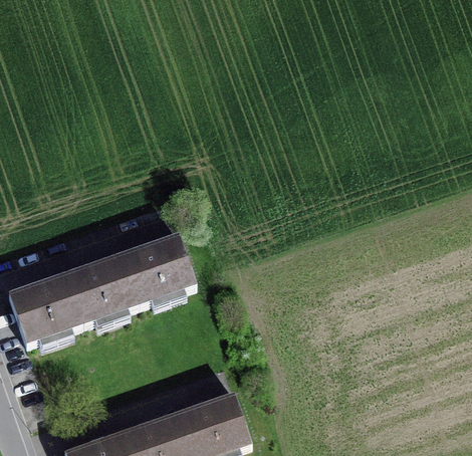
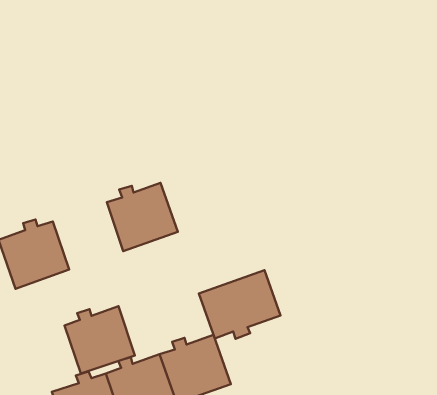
building: [65,254,139,324] -> [65,306,135,374]
building: none -> [199,270,280,339]

